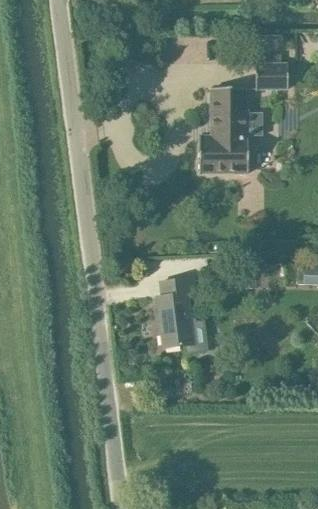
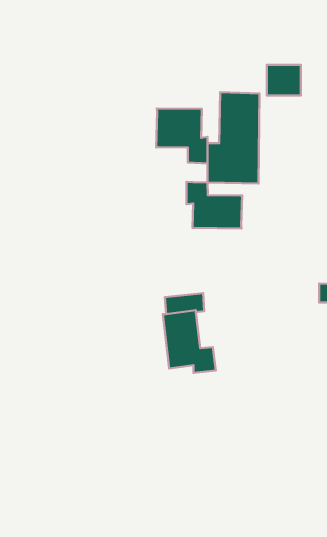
building: none -> [156,108,207,163]
building: none -> [186,182,242,228]

